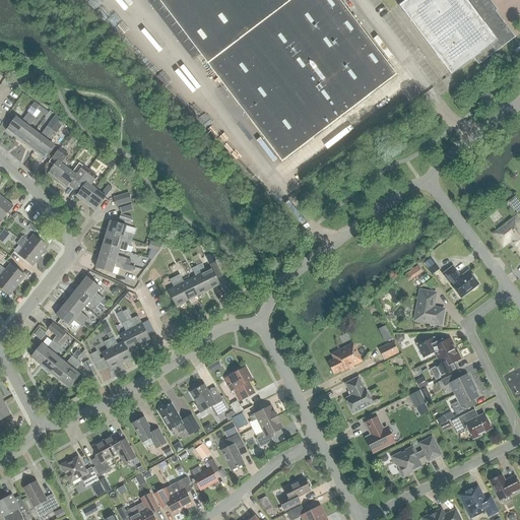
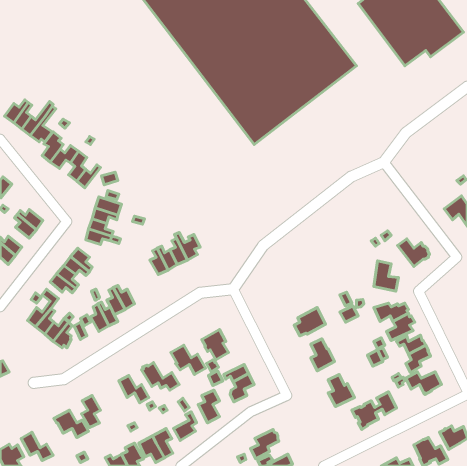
building: [103,433,134,461] -> none

